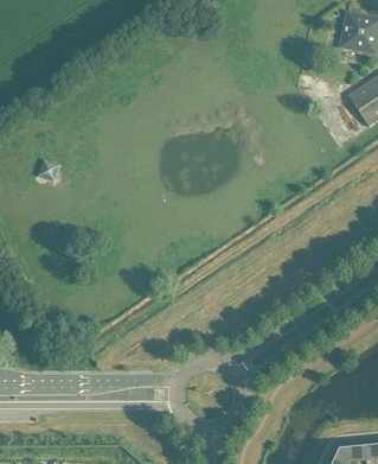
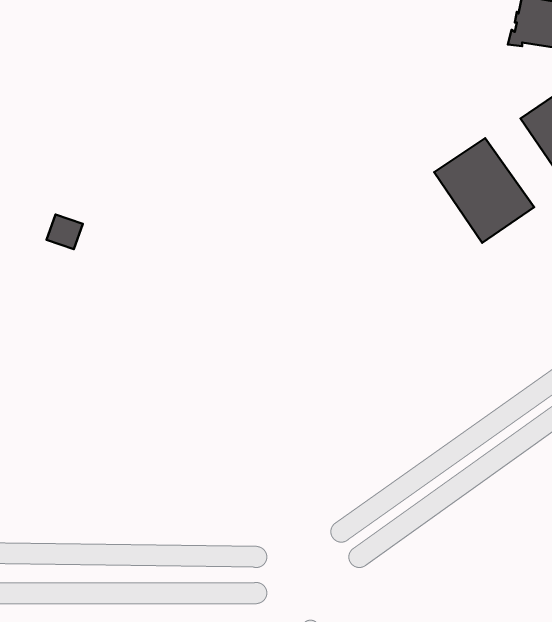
building: none -> [434,138,534,243]

